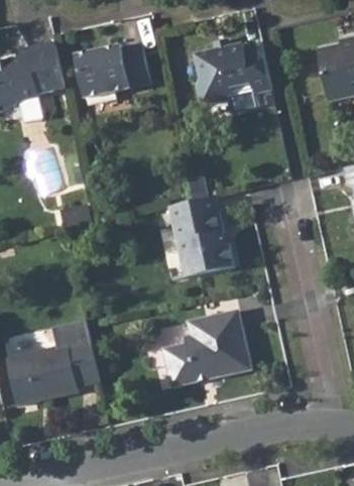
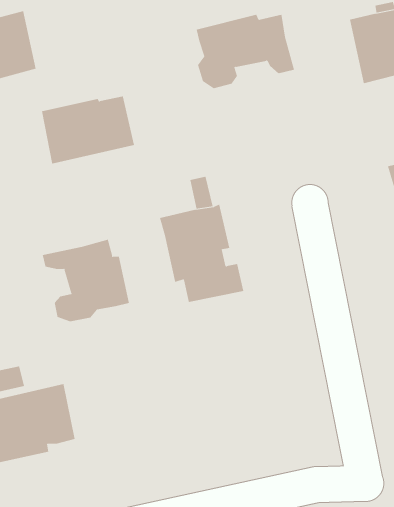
building: [76,44,150,99] -> [41,96,135,164]
building: none -> [42,239,129,322]
building: [158,313,248,389] -> none

